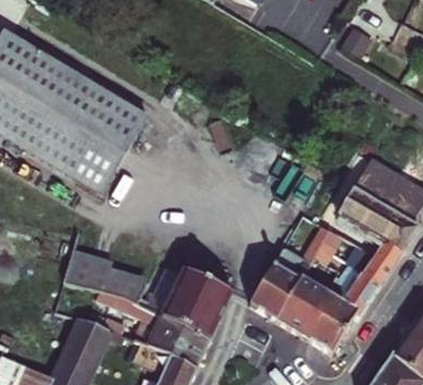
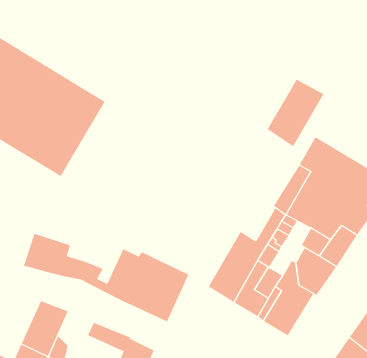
building: none -> [267,79,324,147]
building: [97,292,210,367] -> none

